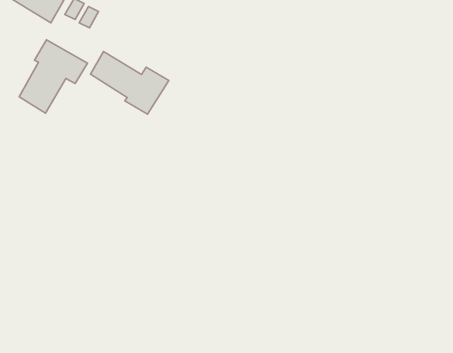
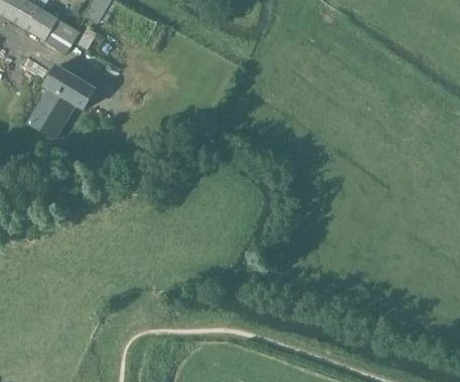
building: [90,52,169,114] -> none

